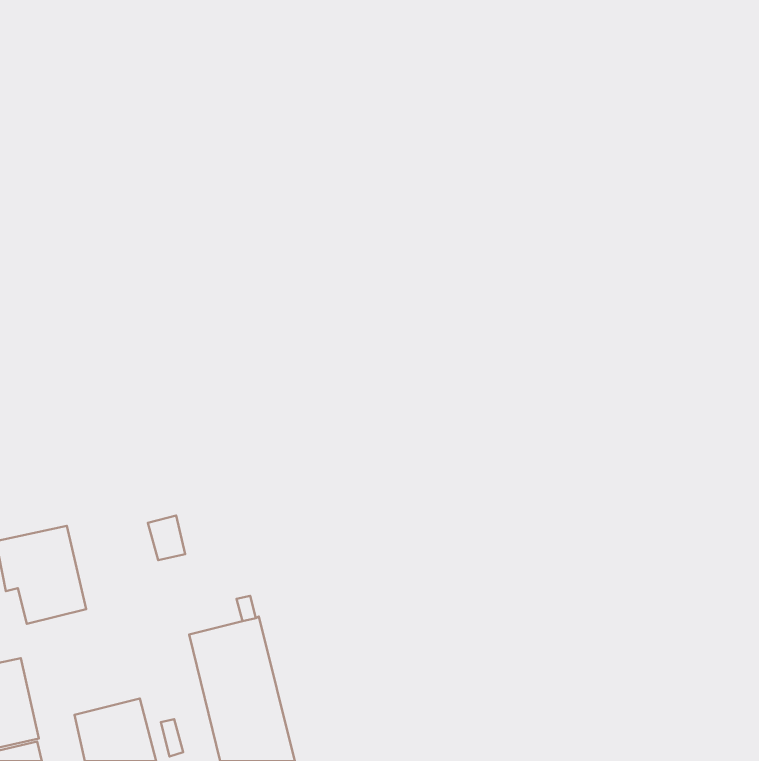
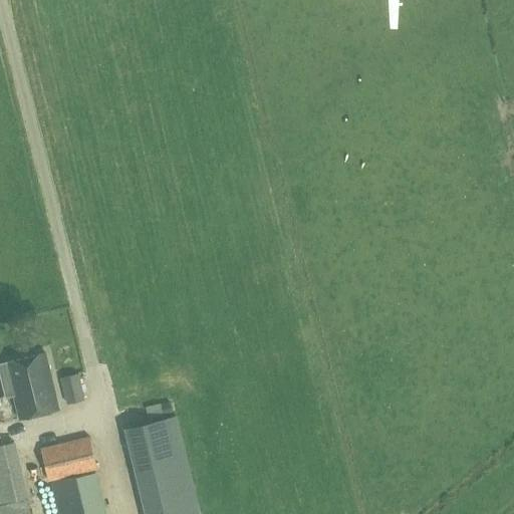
building: [148,515,185,560] -> [59,374,84,405]
building: none -> [39,438,96,483]

